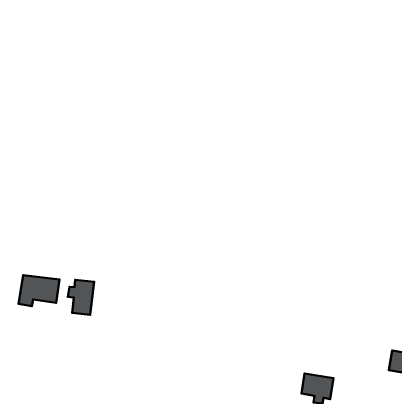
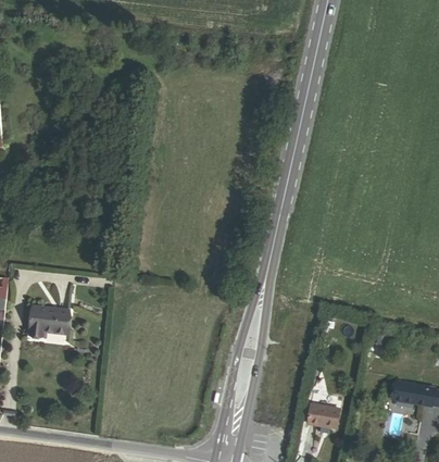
building: [68,280,94,315] -> none

